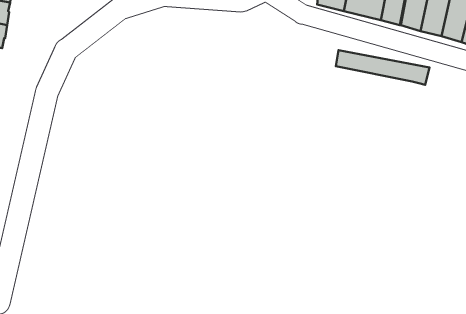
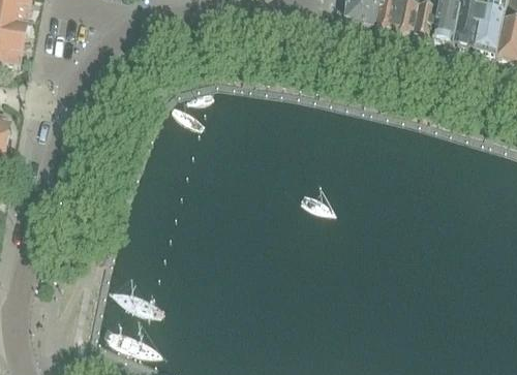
building: [336,50,430,85] -> none

